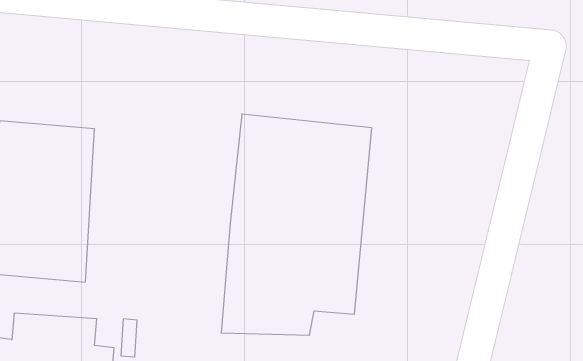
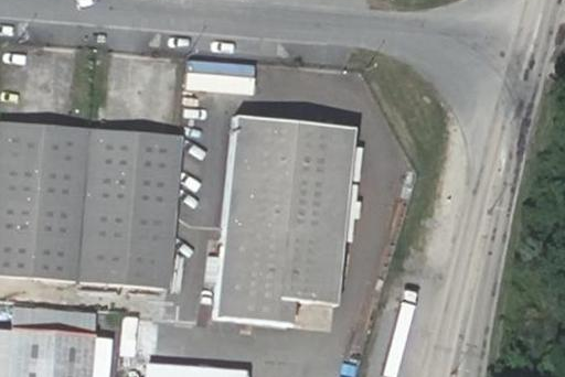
building: none -> [83,131,185,286]

